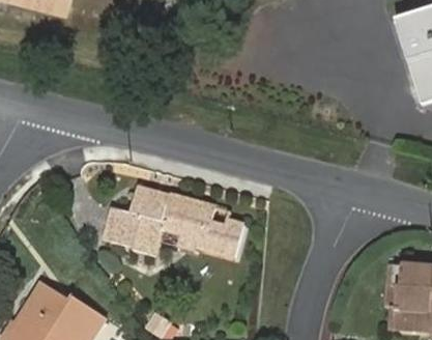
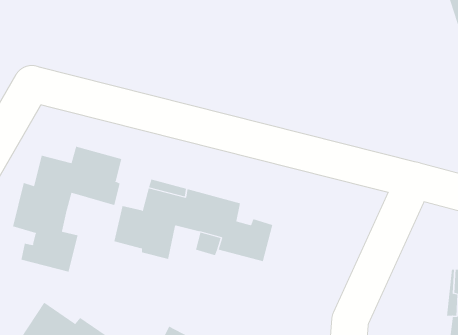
building: none -> [13,146,122,272]

